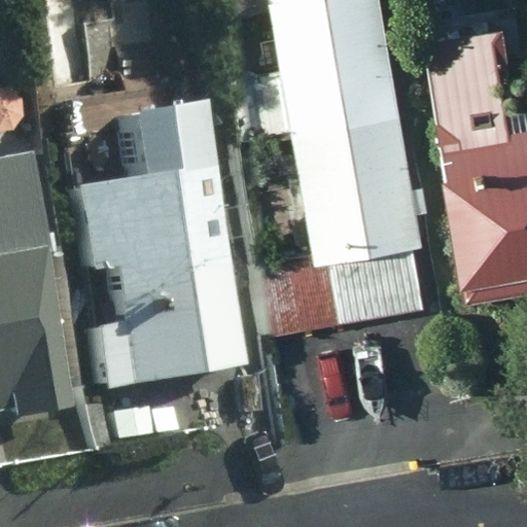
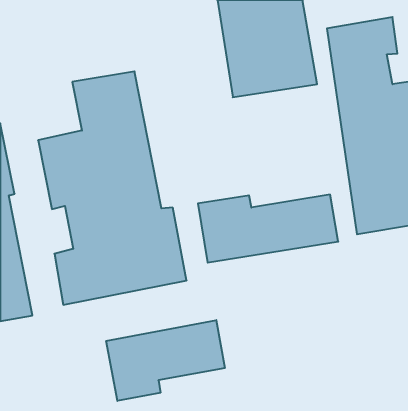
building: [304,111,434,268] -> none
building: none -> [106,320,225,401]

